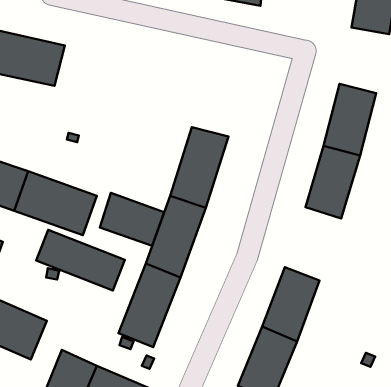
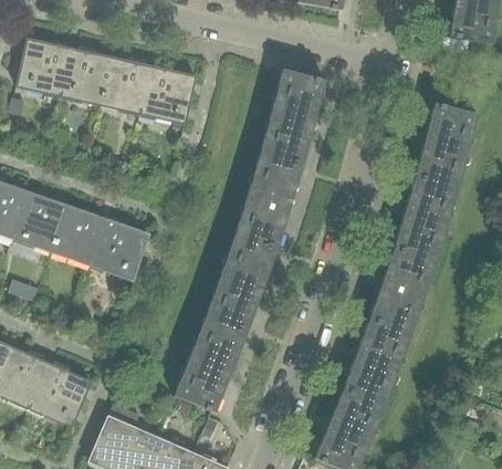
building: none -> [100,58,196,124]
building: none -> [261,70,326,165]
building: [100,193,164,246] -> none
building: none -> [370,248,437,334]
building: [36,230,125,290] -> none

